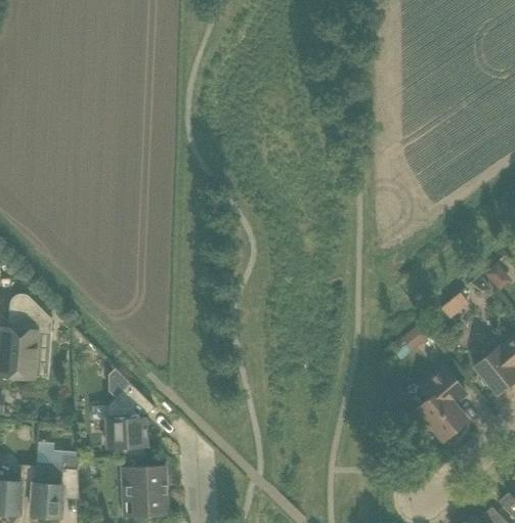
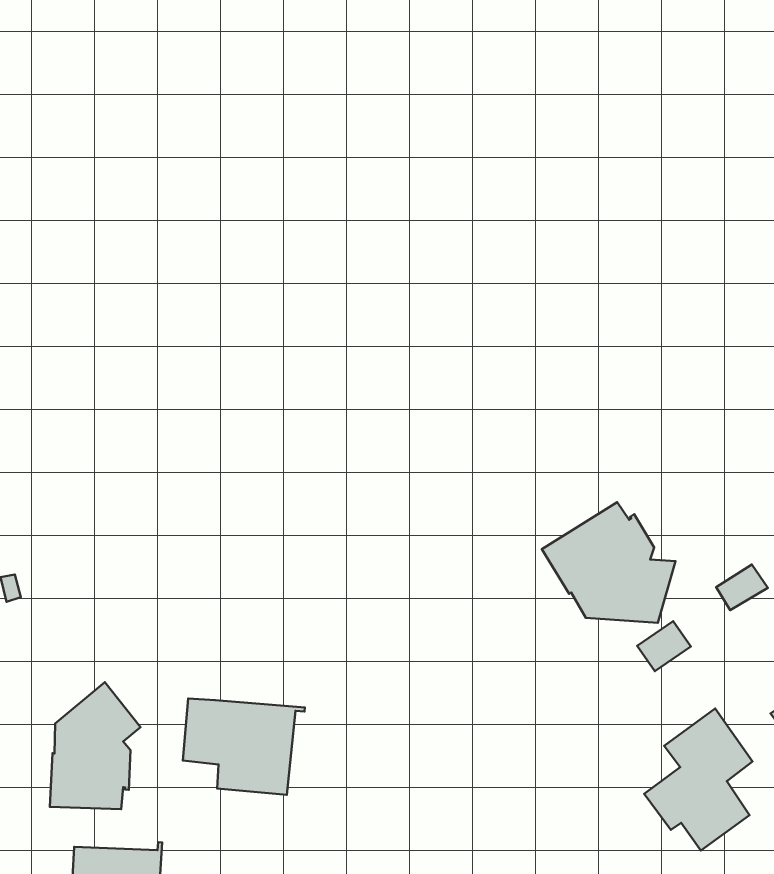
building: none -> [542,502,675,623]
building: none -> [183,698,305,795]

